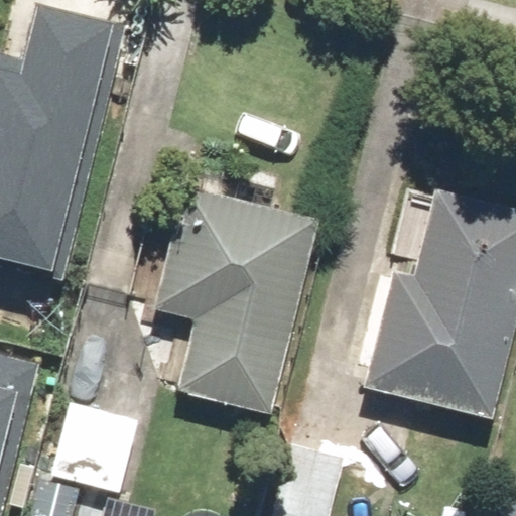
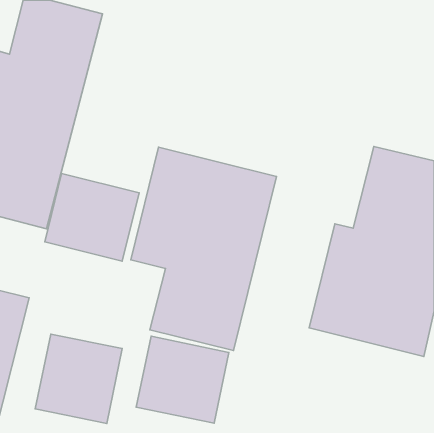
building: none -> [45,174,139,261]
building: none -> [136,336,229,423]

